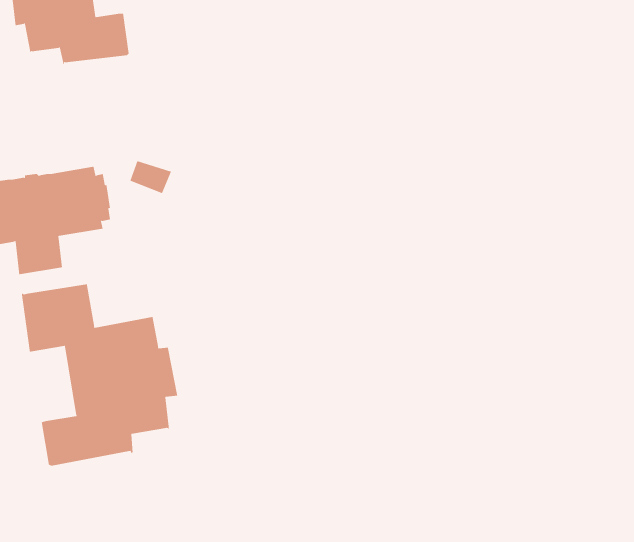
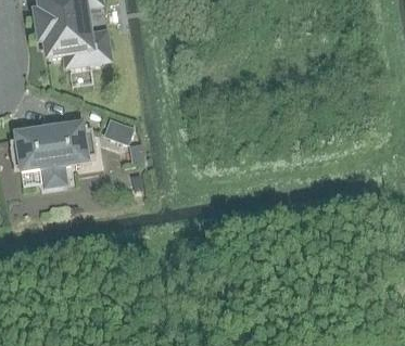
building: [21,284,178,466] -> none

